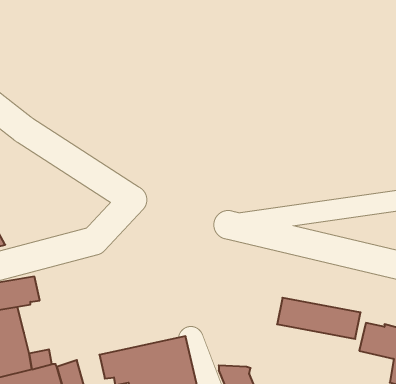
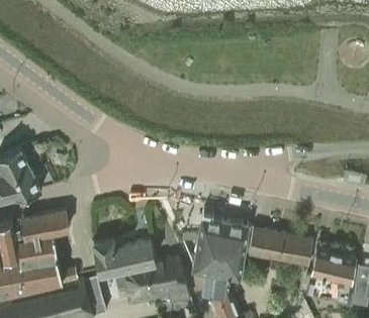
building: none -> [193,217,247,281]
building: none -> [92,237,155,274]

